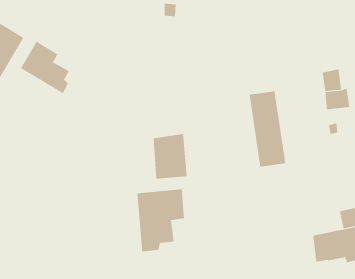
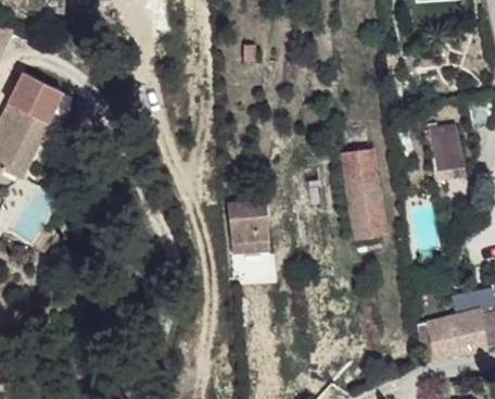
building: [20,41,70,94] -> none
building: [137,188,185,253] -> none

